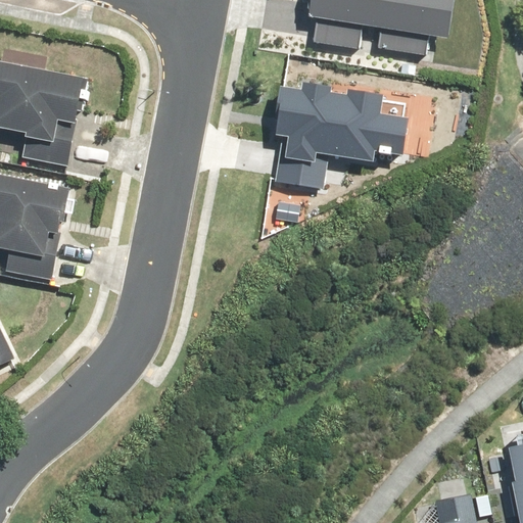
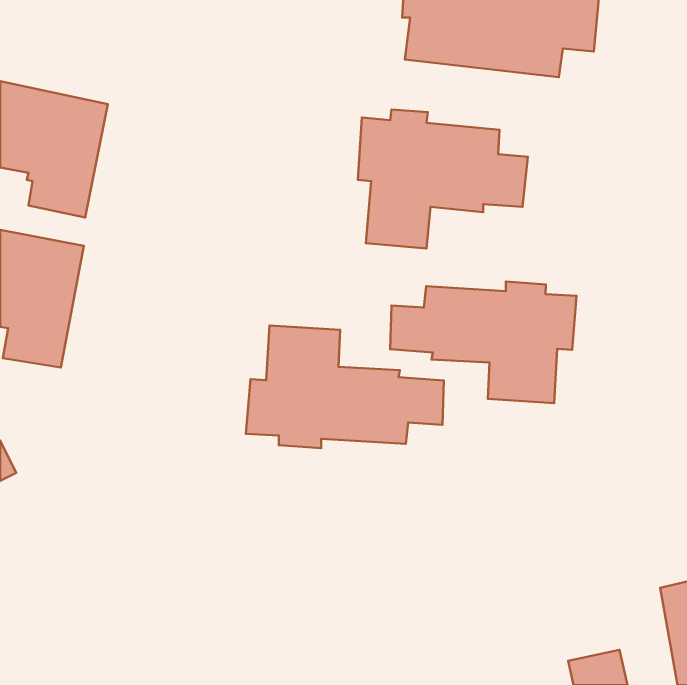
building: none -> [390,282,577,403]
building: none -> [246,326,444,448]

